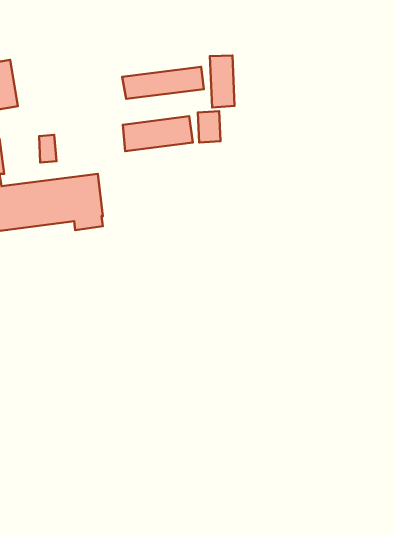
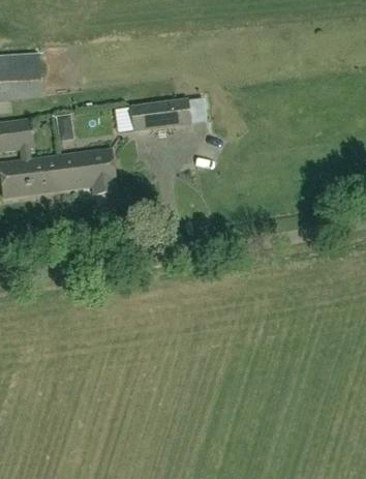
building: [210,56,235,107] -> none
building: [122,67,204,99] -> none

